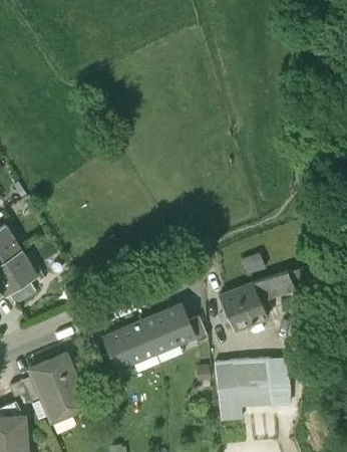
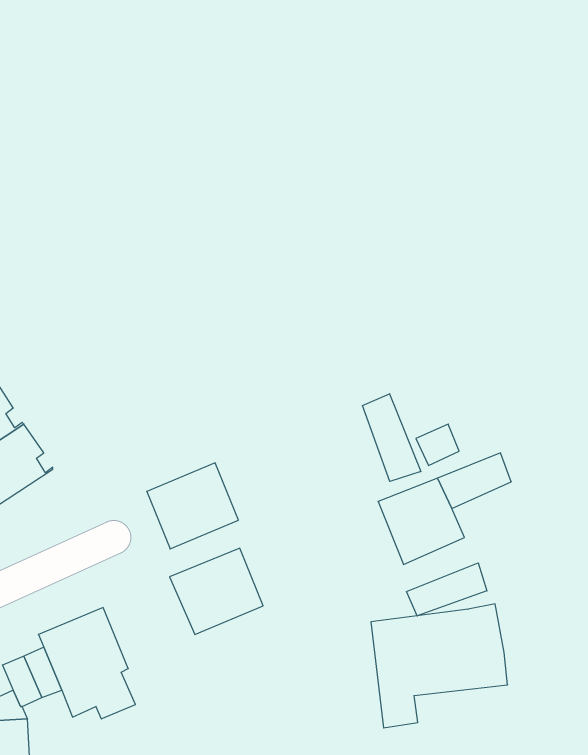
building: none -> [362,394,421,481]
building: [142,304,194,353] -> [147,463,238,549]
building: none -> [407,563,487,616]

